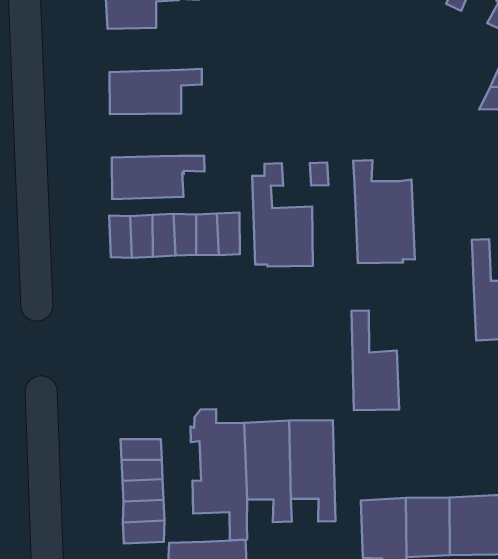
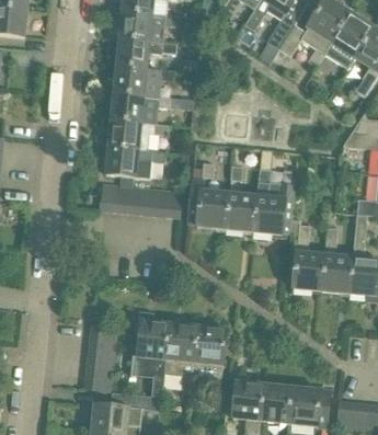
building: none -> [114,65,174,96]
building: none -> [108,118,169,150]
building: none -> [226,193,257,232]
building: [352,310,399,410] -> [294,225,325,290]

